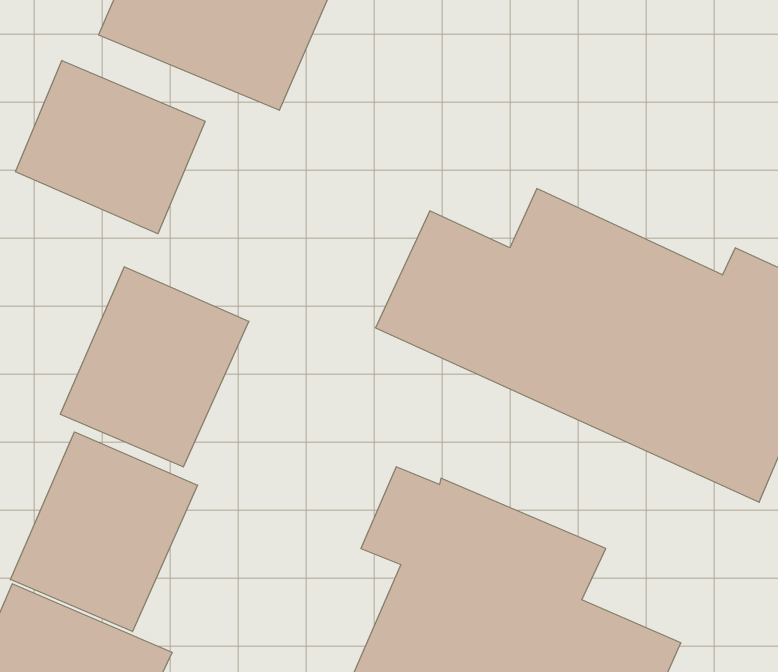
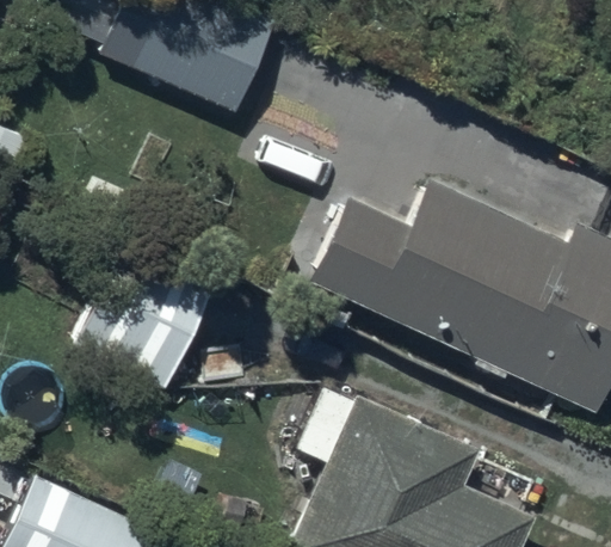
building: [16,60,205,234] -> none
building: [10,432,198,632] -> none

